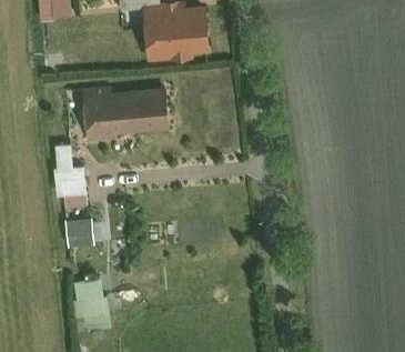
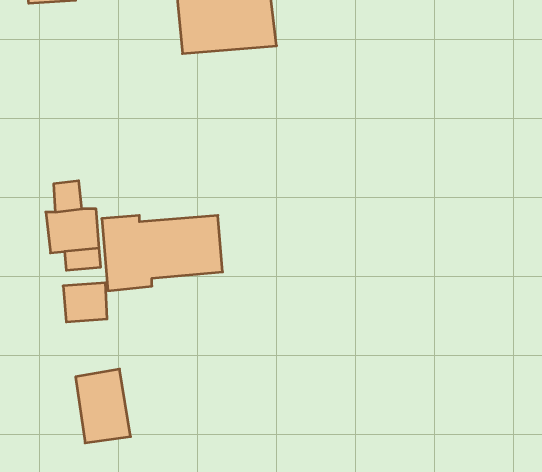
building: [82,88,168,141] -> [102,215,223,291]

